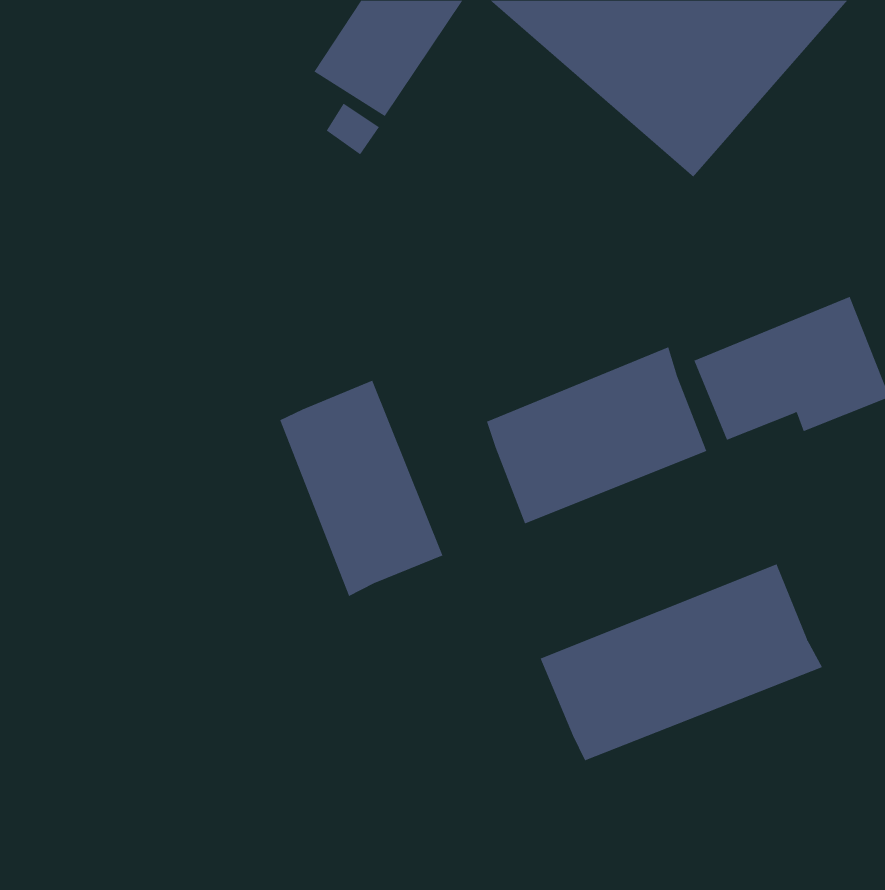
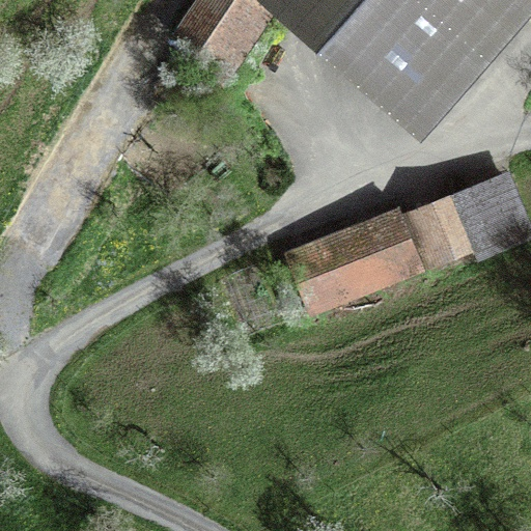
building: [279,380,443,597] -> none
building: [540,563,823,761] -> none

